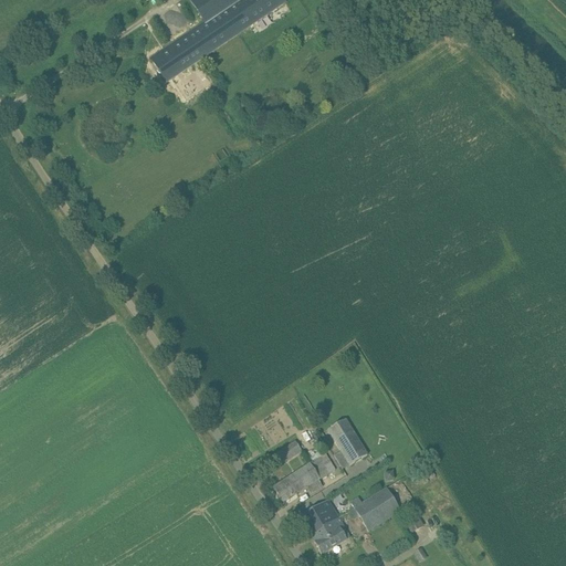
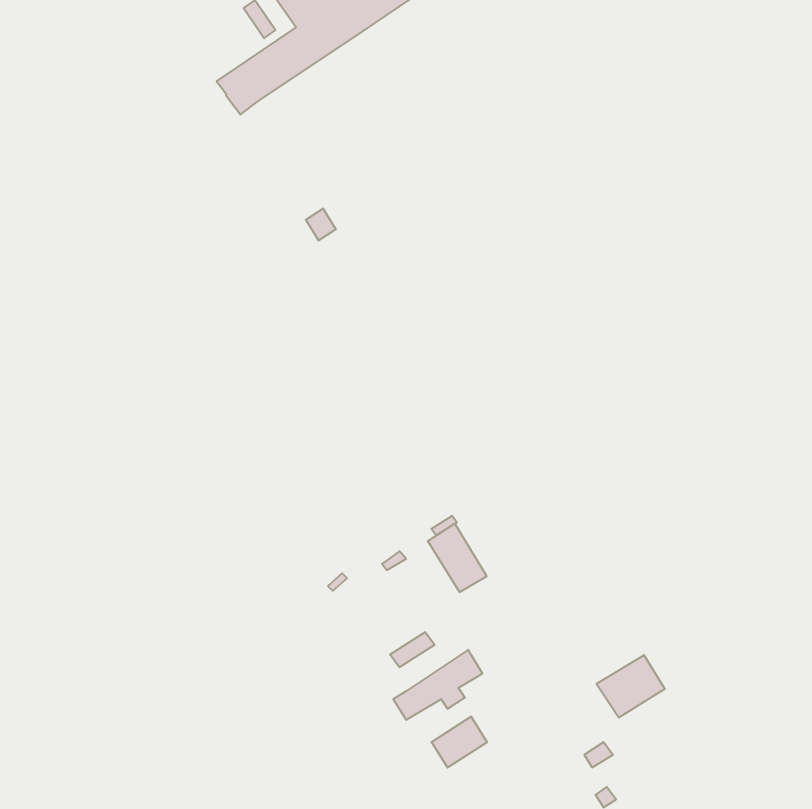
building: [328,417,369,464] -> [428,524,487,592]
building: [354,485,401,528] -> [596,655,665,717]
building: [312,515,348,552] -> none

